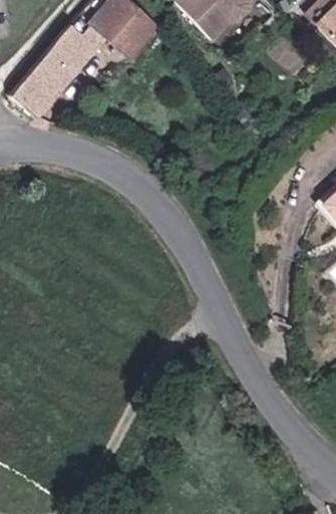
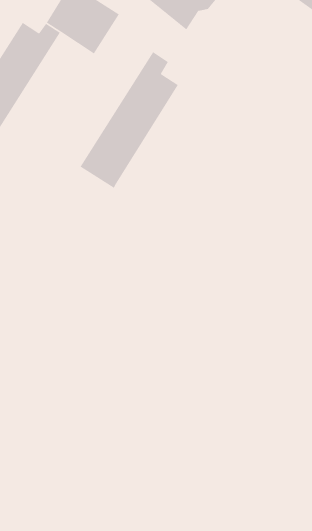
building: none -> [80,51,179,189]

